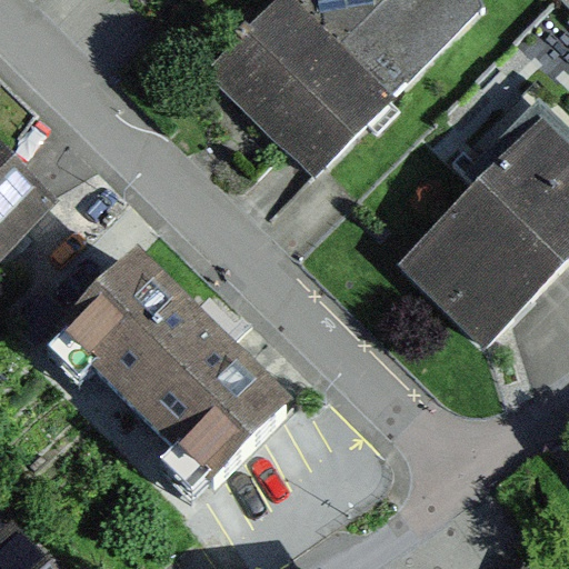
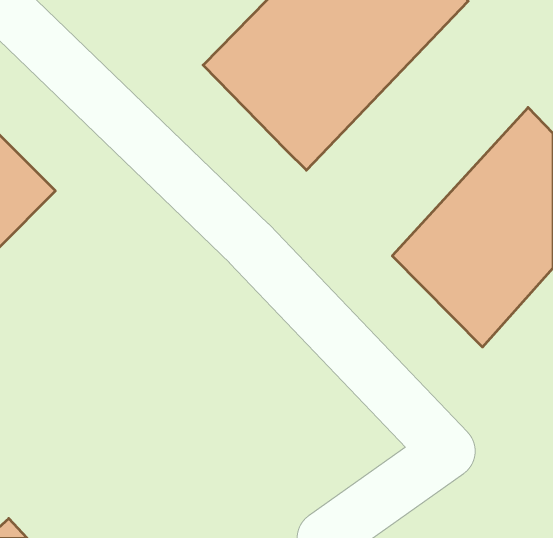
building: [59,258,278,480] -> none

